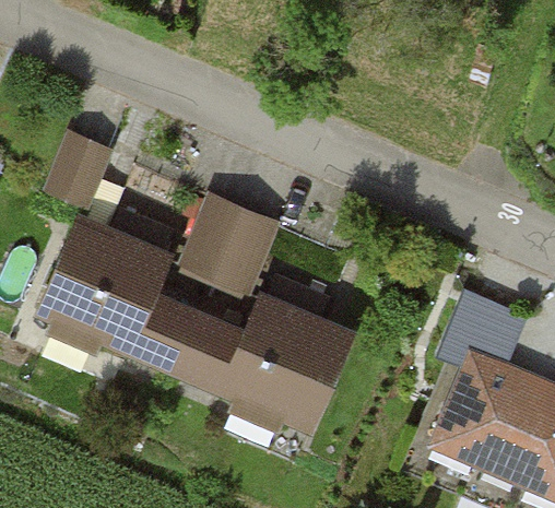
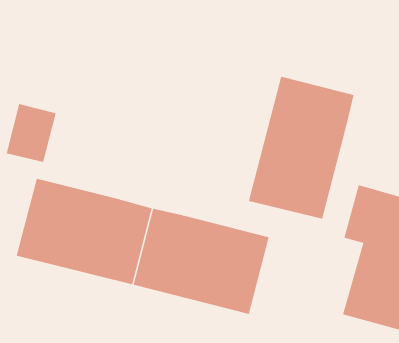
building: none -> [248,76,354,220]
building: [176,198,276,295] -> none

